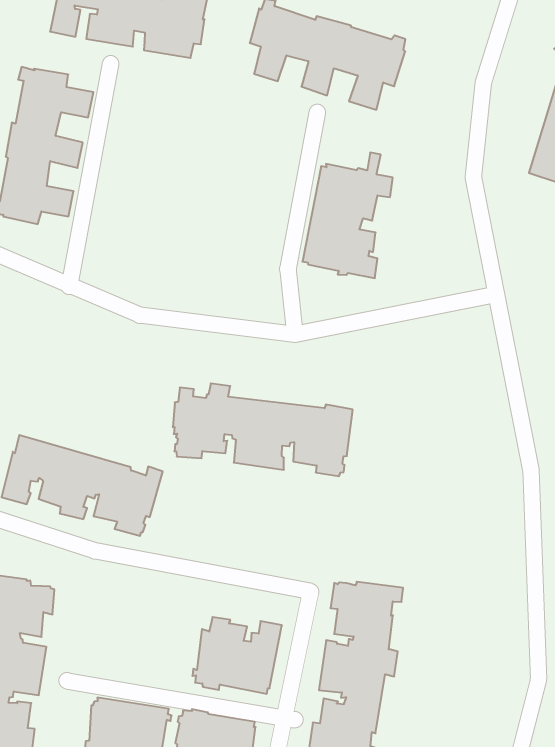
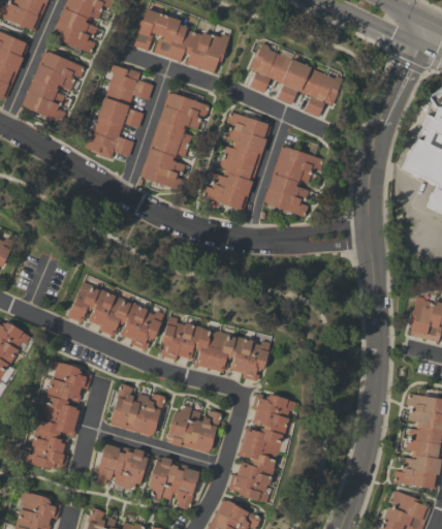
building: none -> [140,93,209,190]
building: none -> [201,111,272,209]
building: [173,383,353,476] -> [161,316,270,381]
building: none -> [109,383,165,436]

